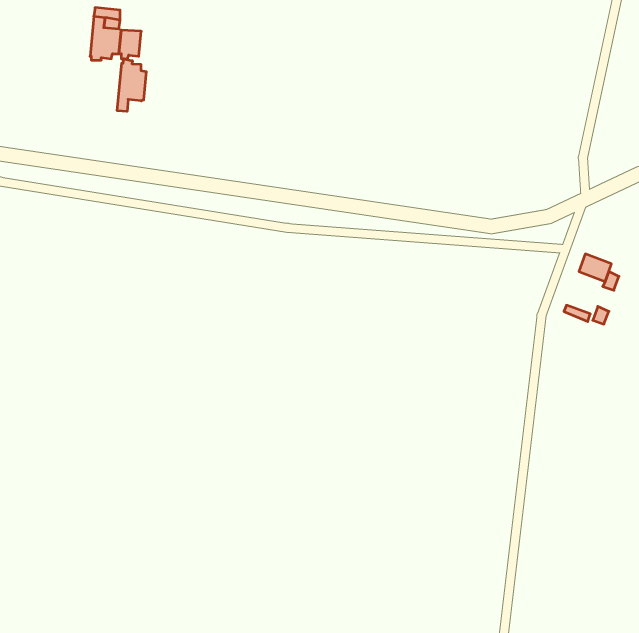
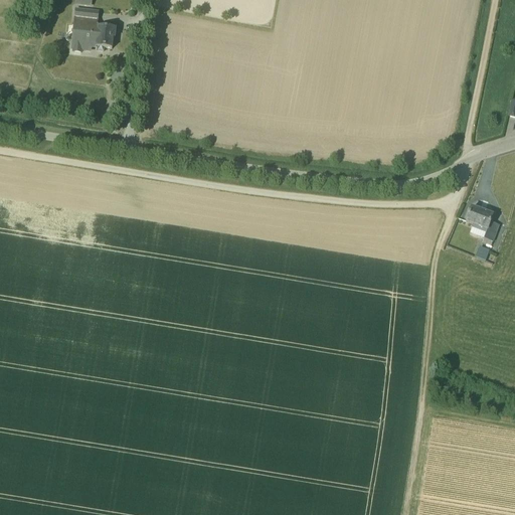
building: [117,59,146,111] -> none

